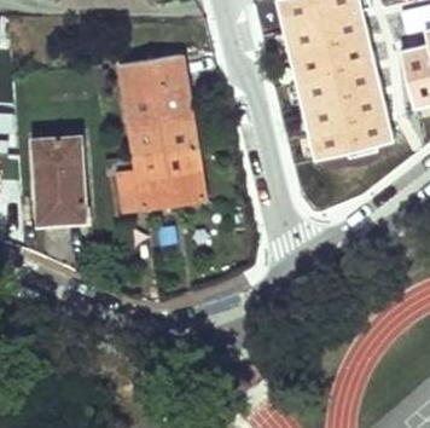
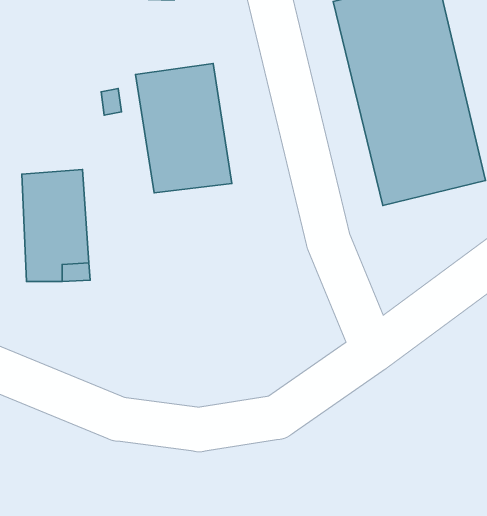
building: [118,144,204,207] -> none

